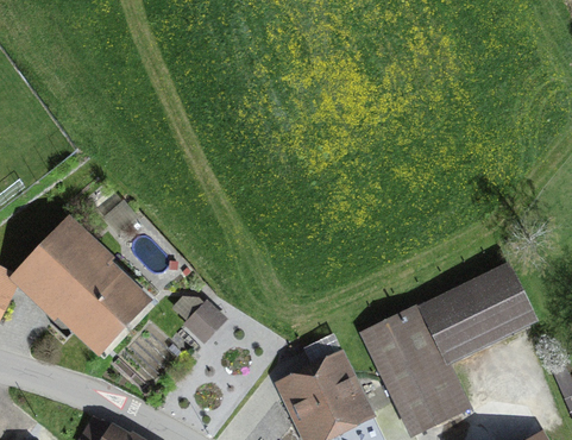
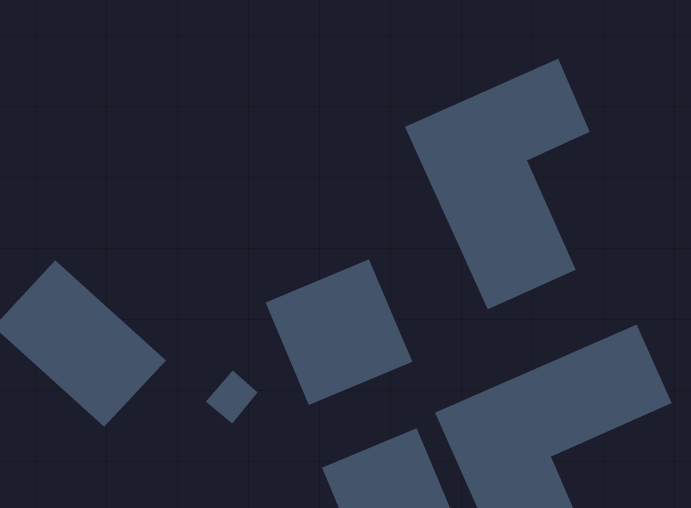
building: none -> [404,58,591,310]
building: none -> [265,258,413,406]

